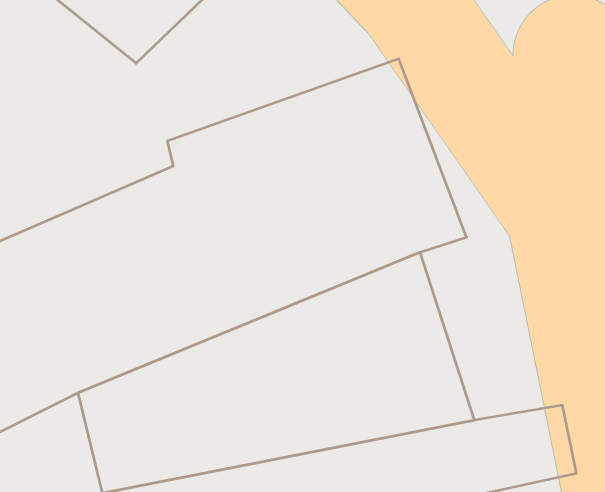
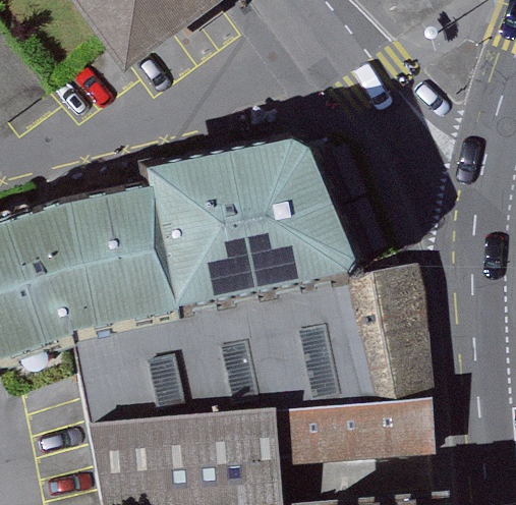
building: none -> [341,257,435,402]

